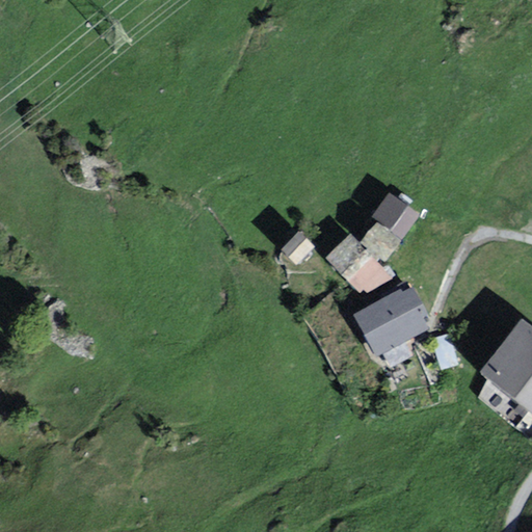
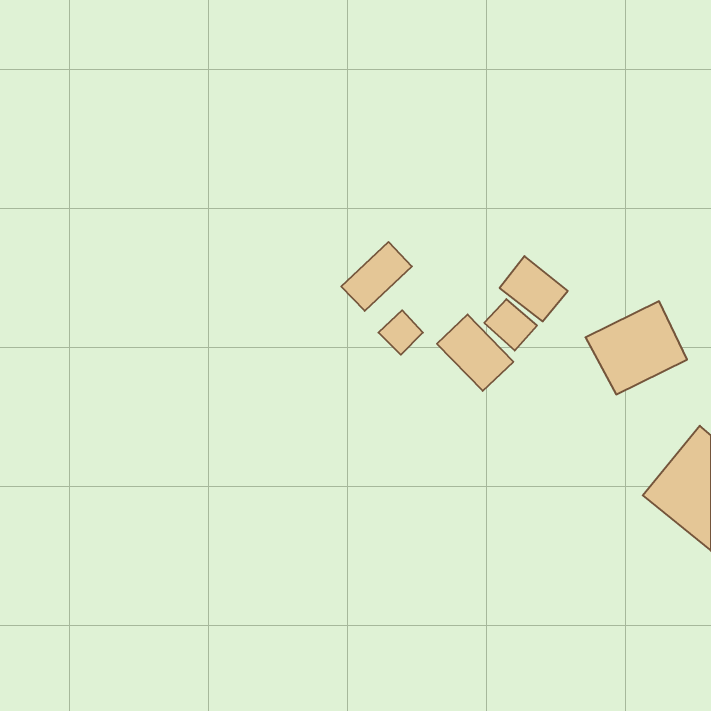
building: none -> [341,242,412,311]
building: [354,286,430,355] -> [585,301,687,394]

